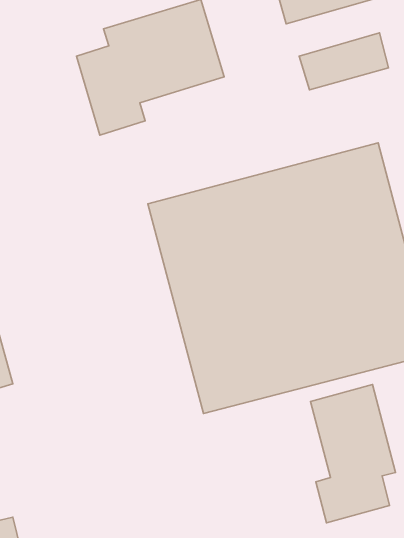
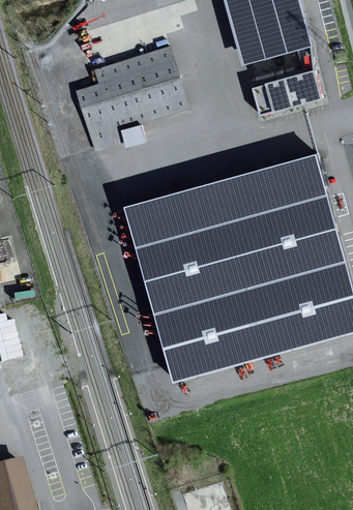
building: [310,385,396,523] -> none

